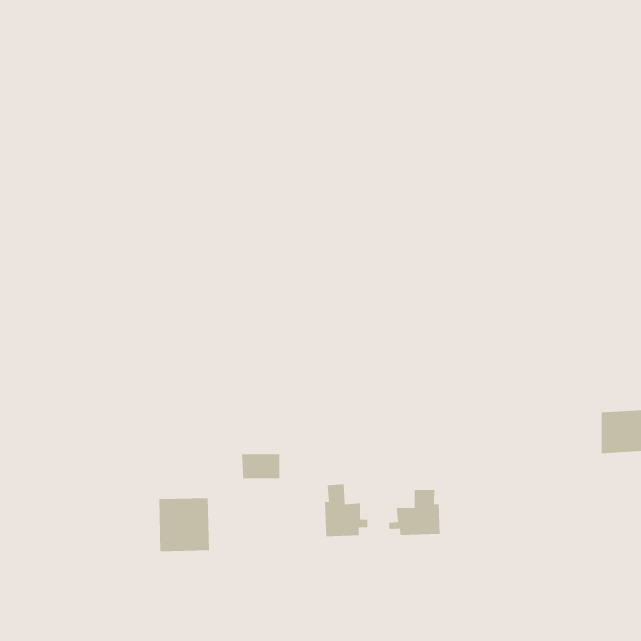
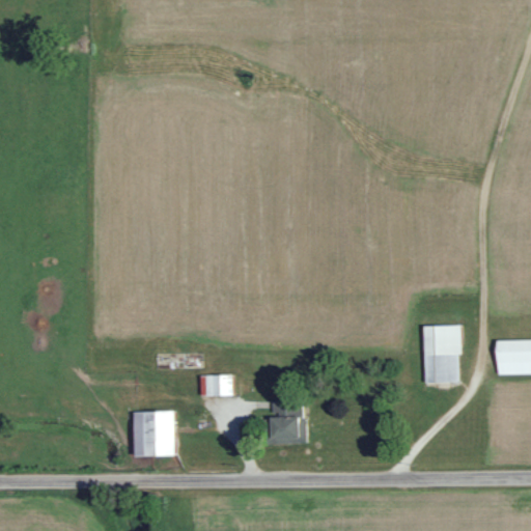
building: none -> [423,326,460,384]
building: [389,489,440,536] -> none

